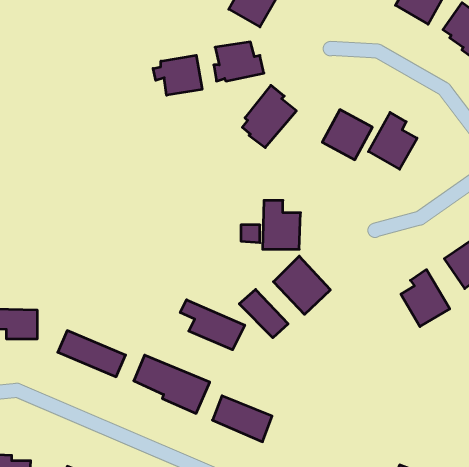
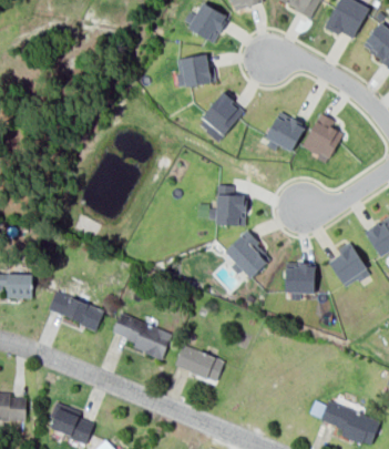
building: [153,55,202,95] -> none
building: [239,289,288,338] -> none
building: none -> [285,263,315,293]
building: [180,300,245,350] -> none

